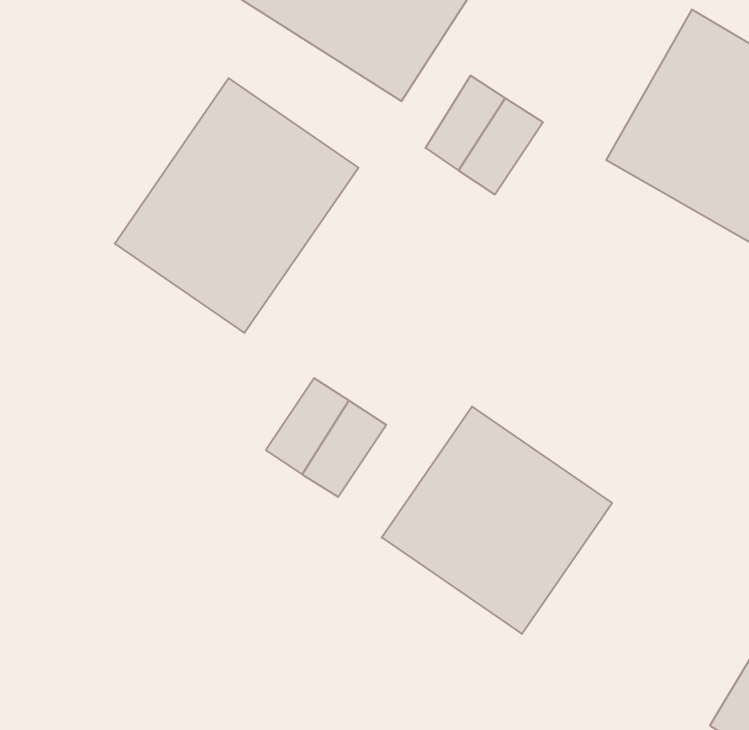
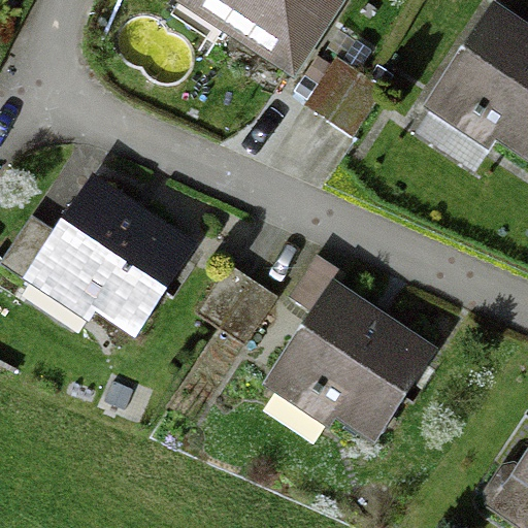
building: [115,78,358,333] -> none
building: none -> [31,180,194,337]

